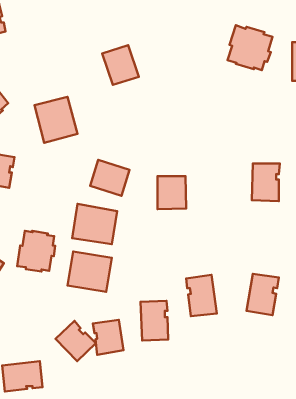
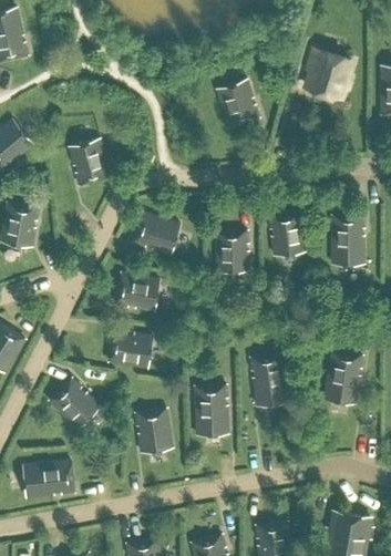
building: [102,45,139,85] -> [215,80,260,128]
building: none -> [269,214,307,258]
building: [17,231,55,272] -> none
building: [55,321,96,361] -> [50,379,100,429]

